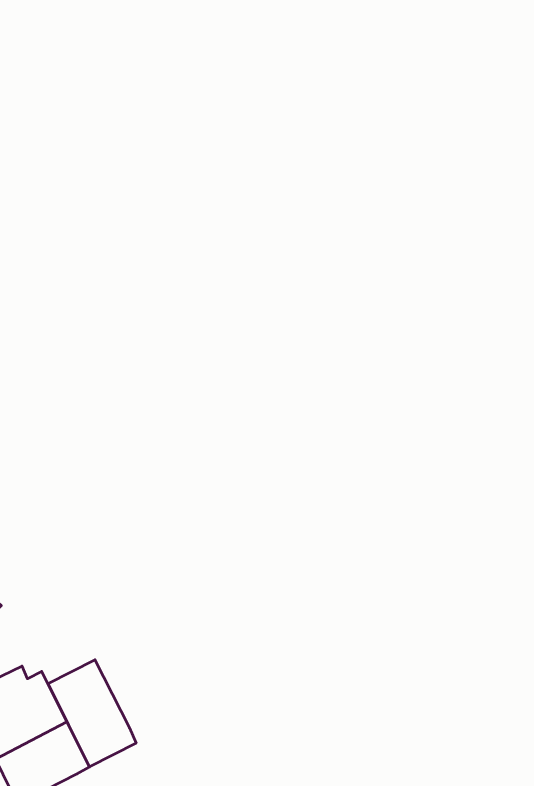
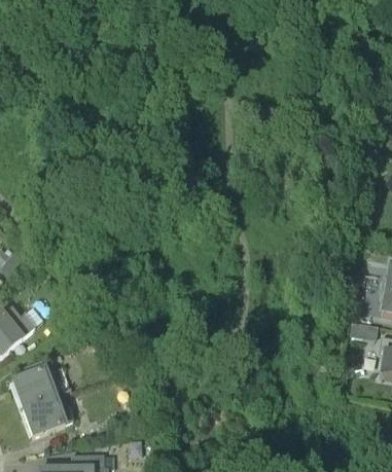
building: [48,660,136,767] -> none

